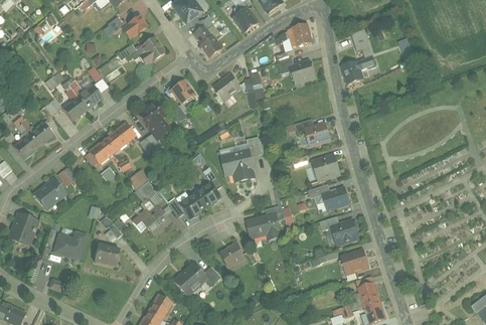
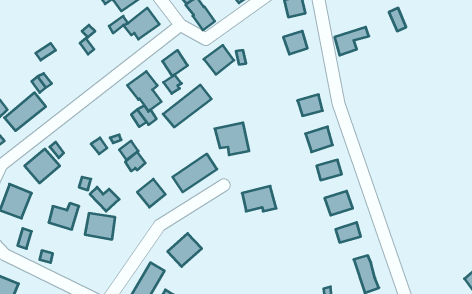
building: [61,78,102,120] -> none
building: [87,121,135,163] -> [163,85,211,127]
building: [221,242,250,270] -> none

